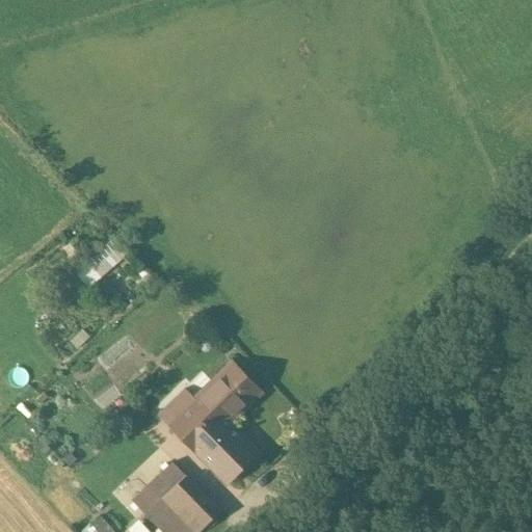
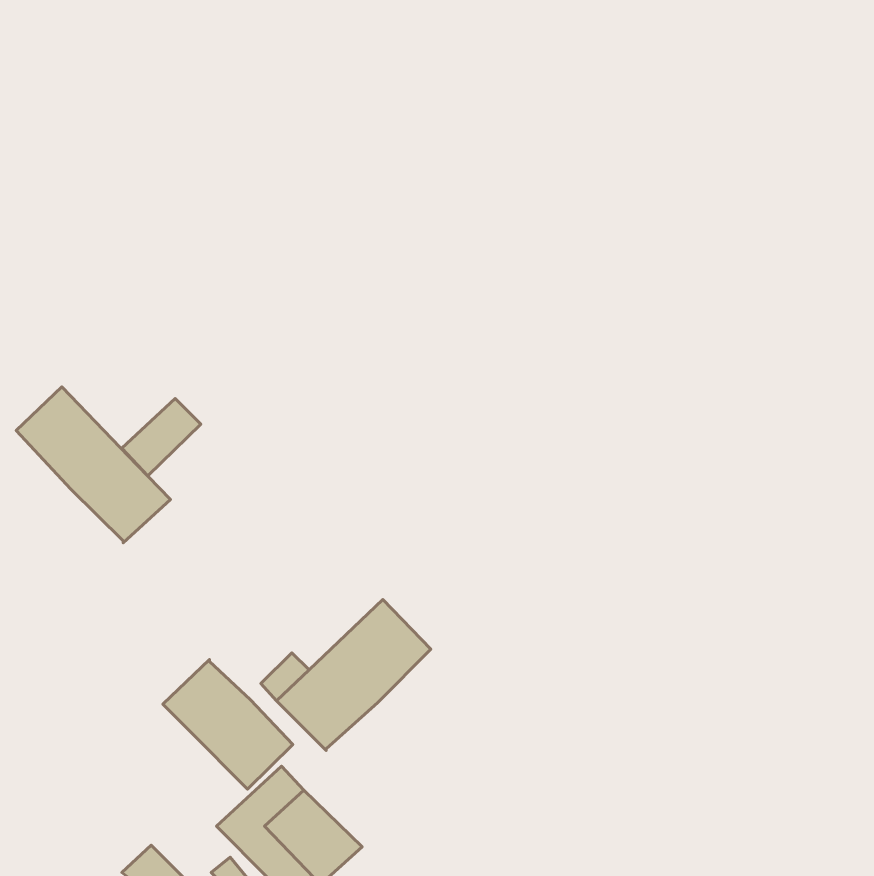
building: none -> [16,387,171,543]
building: none -> [163,660,293,789]
building: [197,426,256,483] -> none

